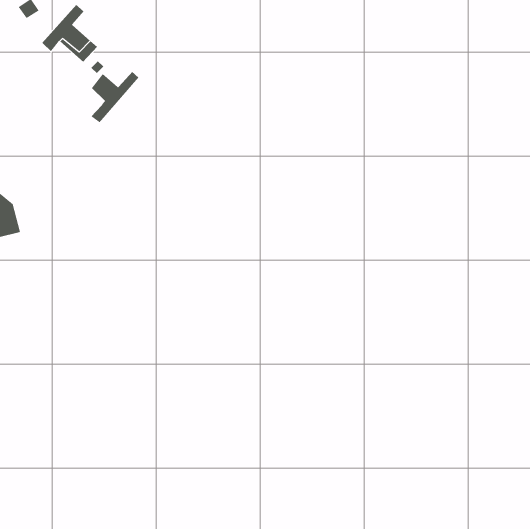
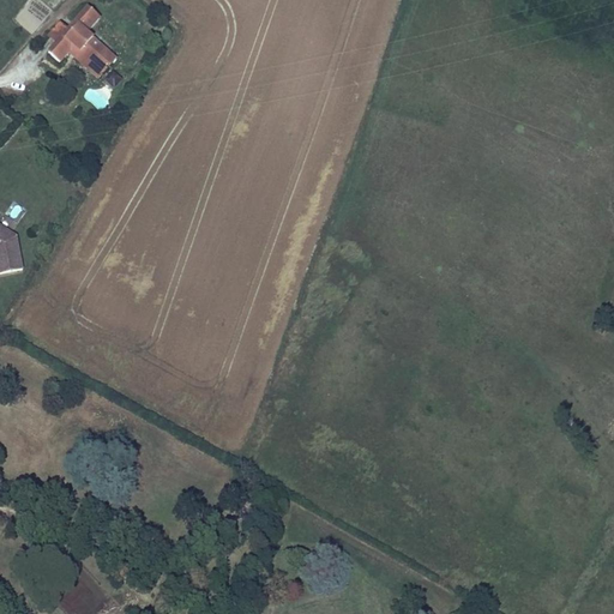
building: [90,71,139,123] -> none

